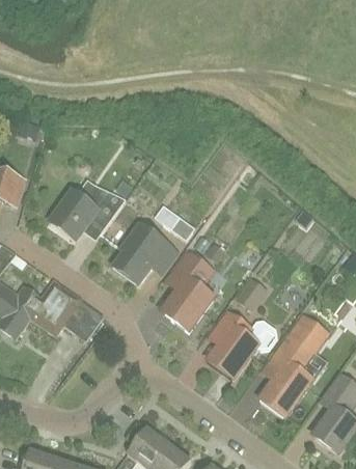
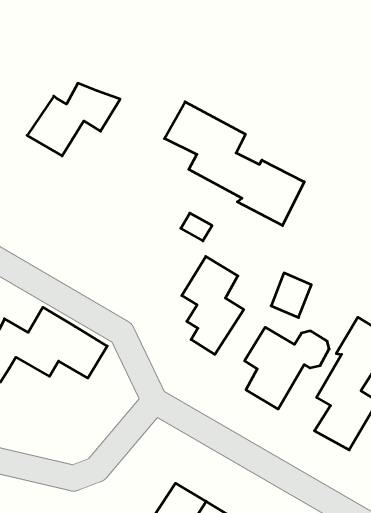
building: none -> [164,102,304,226]
building: [50,184,126,240] -> [27,83,120,156]
building: [114,225,175,284] -> none

